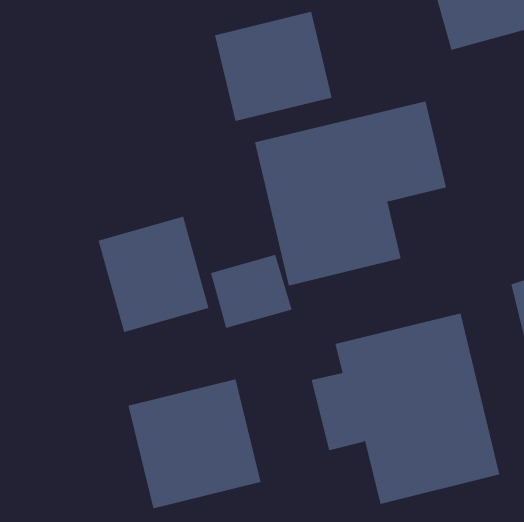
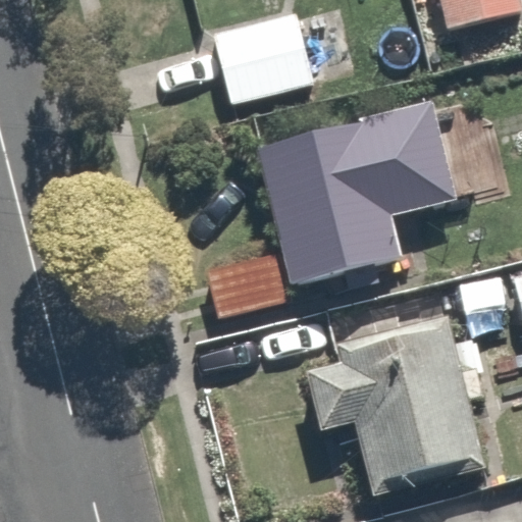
building: [98,216,209,333] -> none
building: [128,378,261,509] -> none

